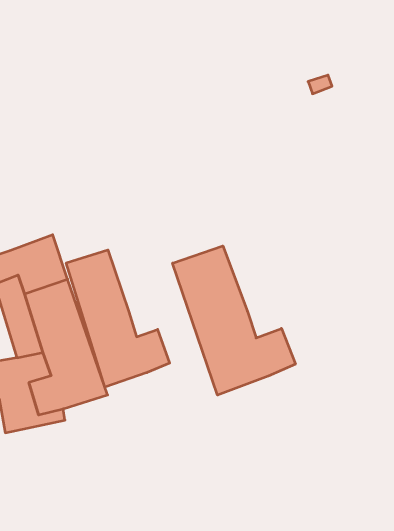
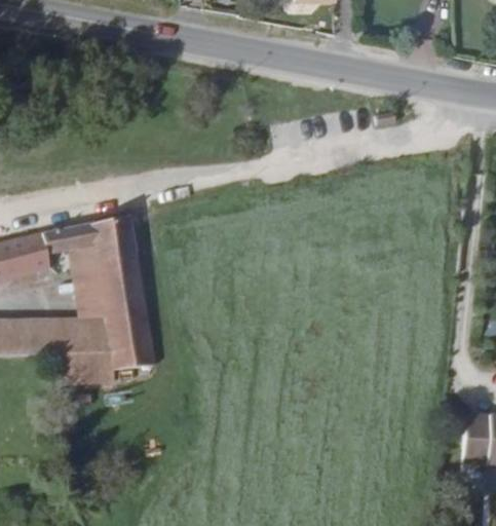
building: [173,246,295,395] -> none
building: [66,250,170,387] -> none

